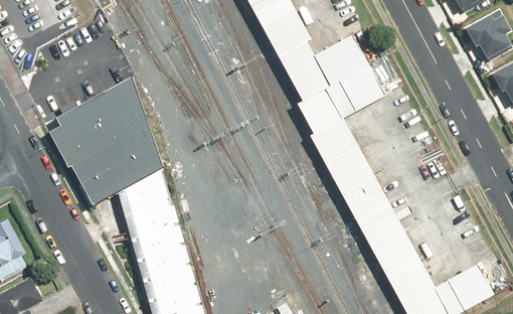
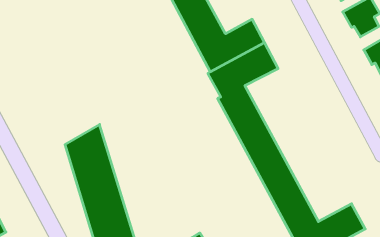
building: [48,76,162,206] -> none

